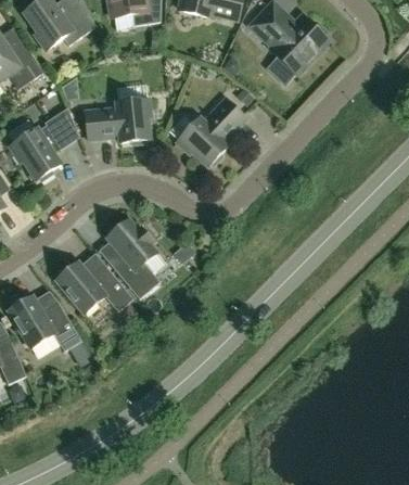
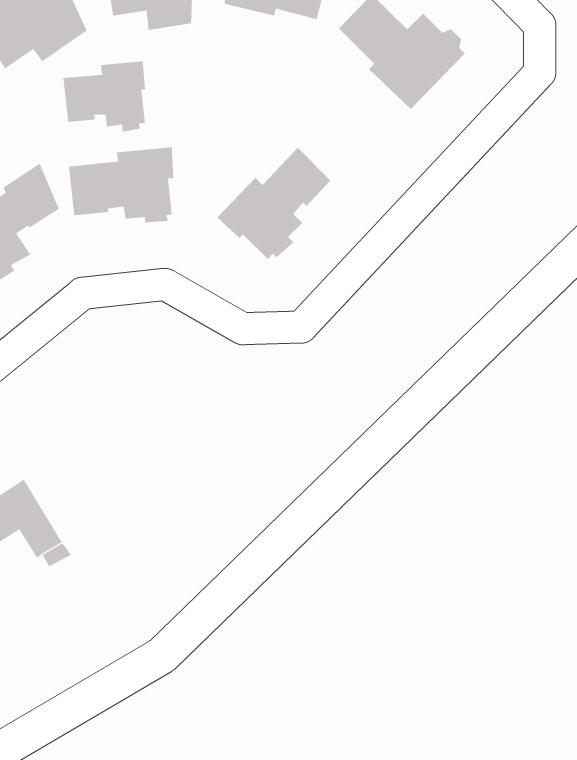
building: none -> [63,61,145,132]
building: [105,218,159,297] -> none
building: [55,260,132,312] -> none

